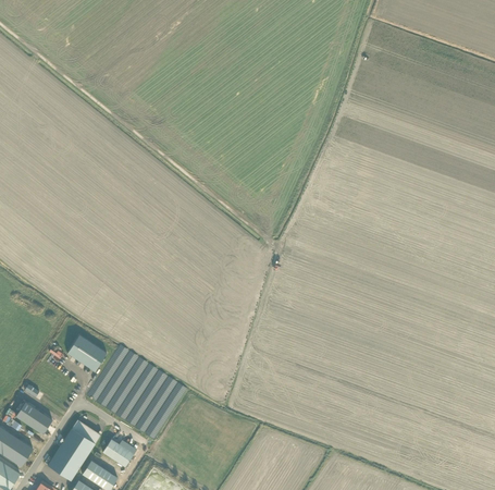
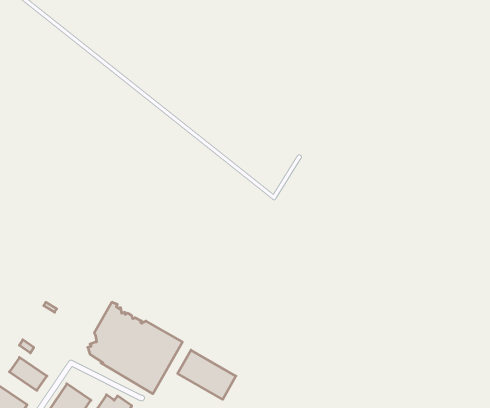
building: [67,334,107,370] -> none
building: none -> [178,350,236,399]

